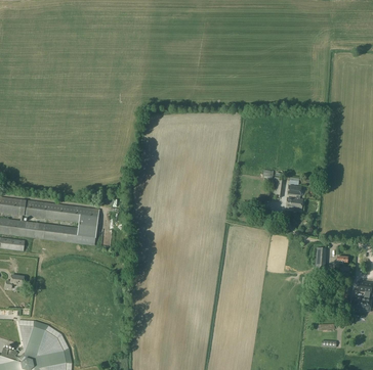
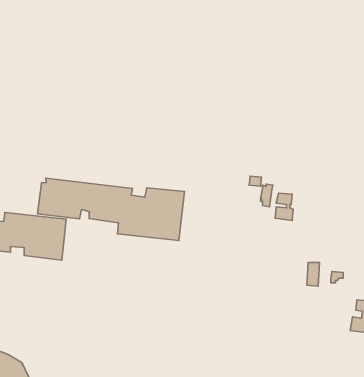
building: none -> [37,178,184,241]

